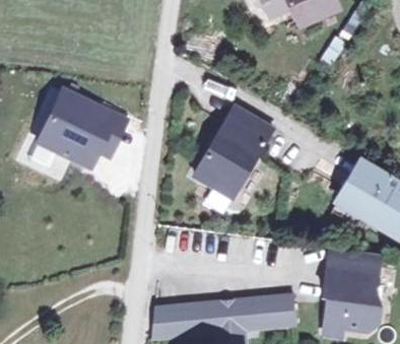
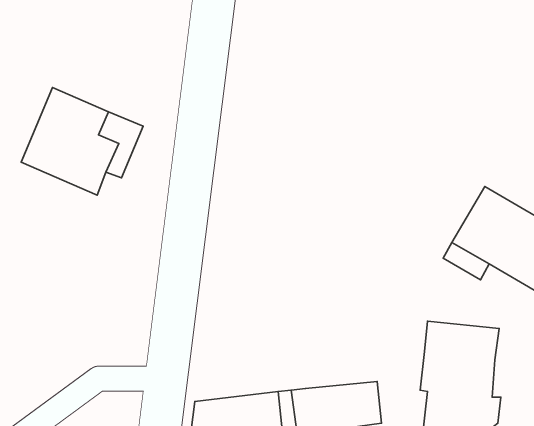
building: [198,102,276,194] -> none

